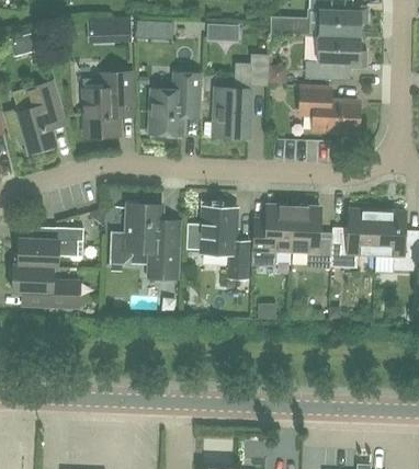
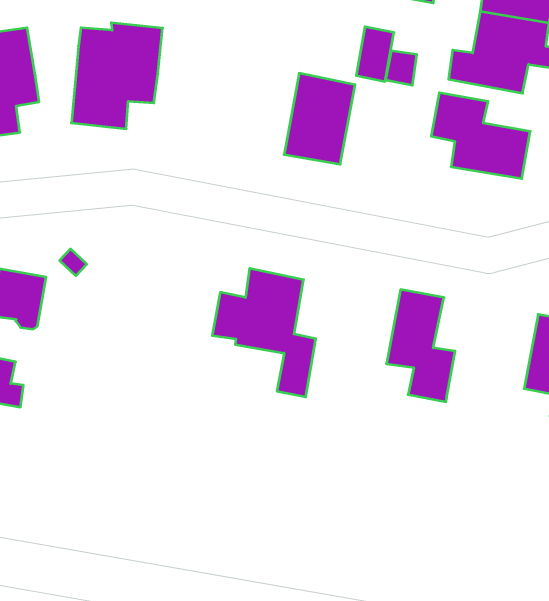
building: [149,72,201,139] -> none
building: [109,205,180,279] -> none
building: [251,206,294,266] -> none
building: [330,209,377,268] -> none

